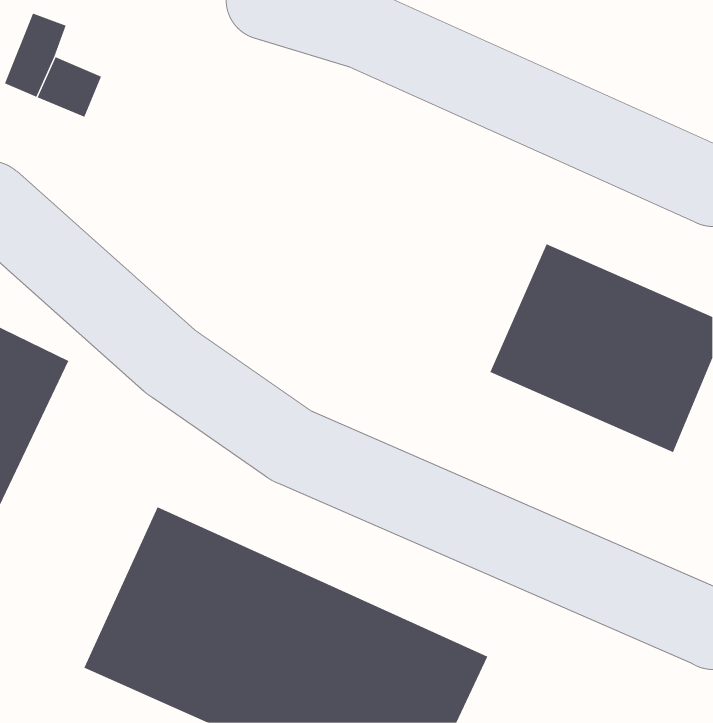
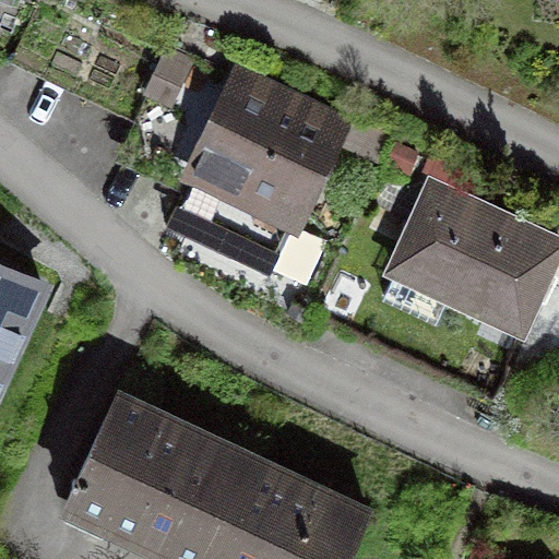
building: none -> [175,76,346,243]

